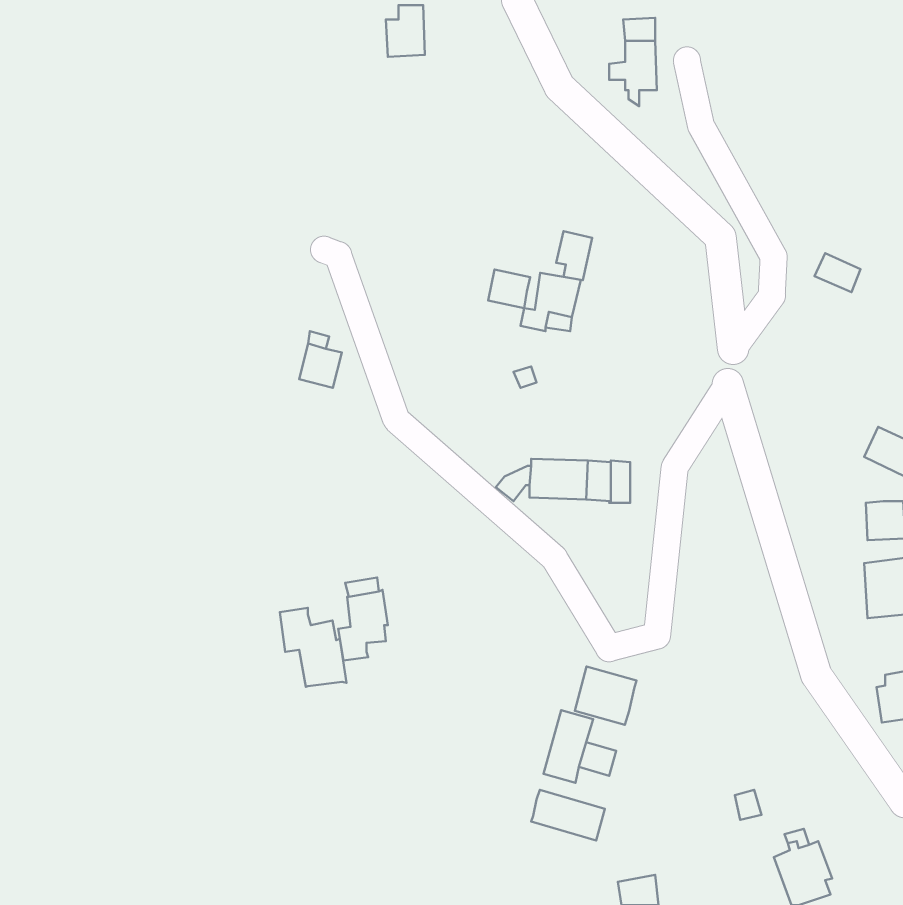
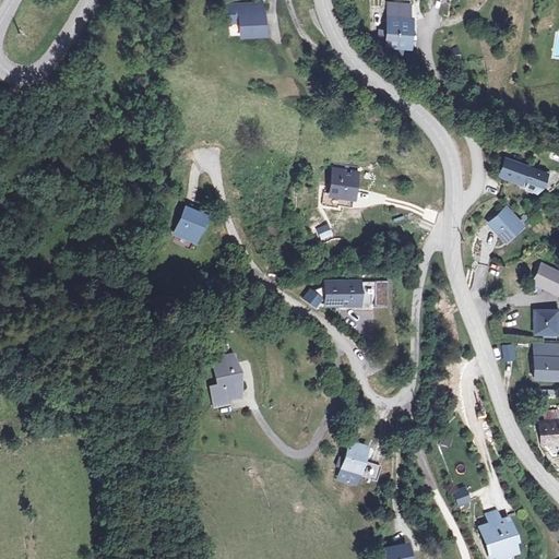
building: [556,231,592,280] -> none
building: none -> [524,166,549,194]
building: [488,269,530,308] -> none
building: none -> [493,210,523,241]
building: [280,608,346,687] -> none
building: [575,667,637,725] -> none
building: [531,790,605,841] -> none

